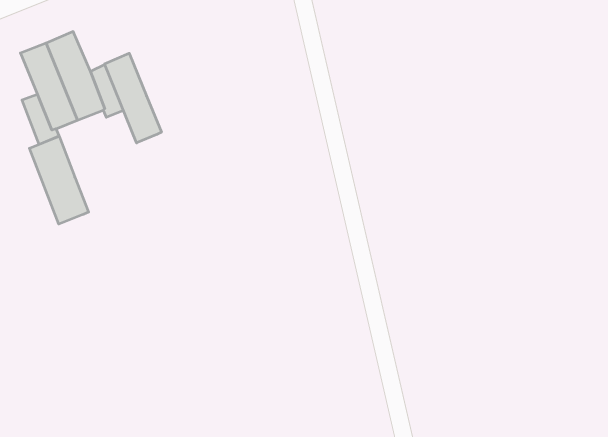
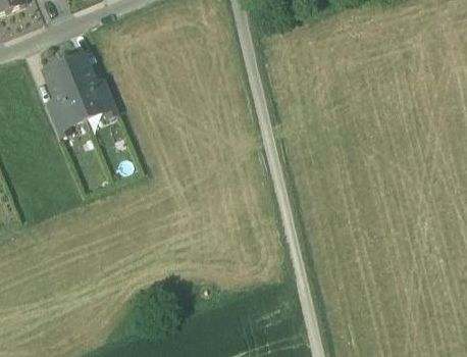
building: [105,53,161,143] -> none
building: [29,136,89,224] -> none

